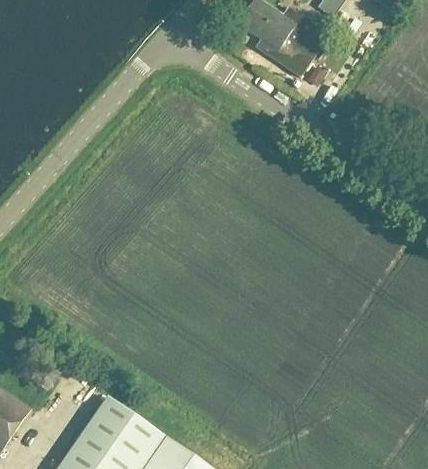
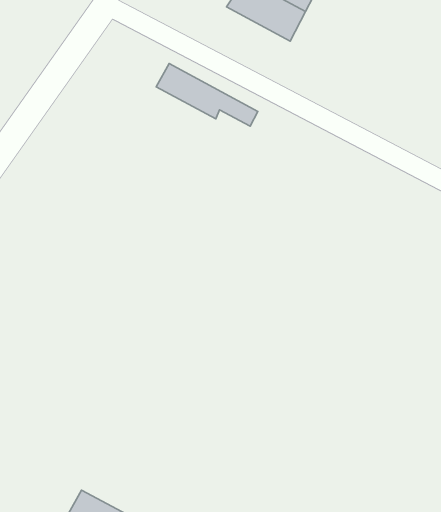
building: none -> [156,64,258,126]

